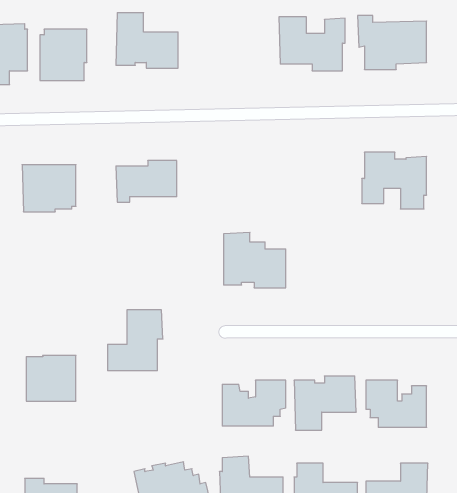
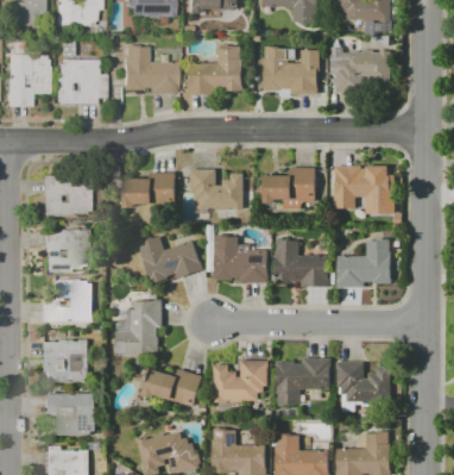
building: none -> [189,46,242,93]
building: none -> [191,169,246,212]
building: none -> [265,169,317,210]
building: none -> [45,230,89,270]
building: none -> [138,237,204,285]
building: none -> [277,240,330,287]
building: none -> [340,240,392,287]
building: none -> [43,281,94,320]
building: none -> [144,369,204,408]
building: none -> [45,393,96,433]

